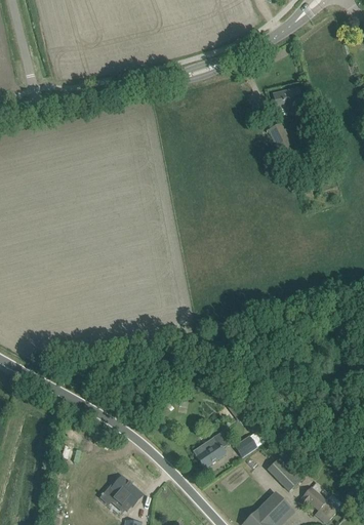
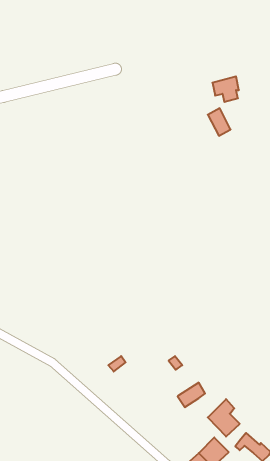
building: [192,432,228,468] -> none
building: [104,476,141,511] -> none

